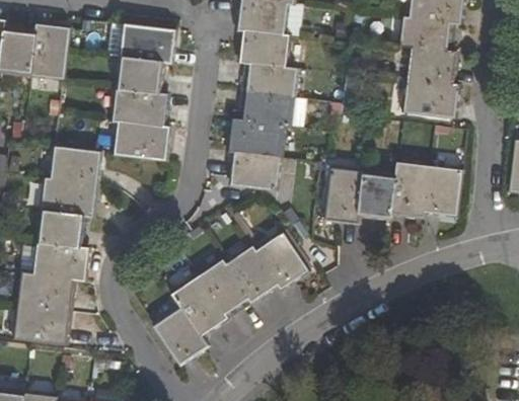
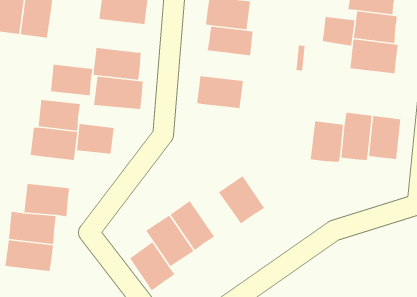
building: none -> [322,16,355,46]
building: [116,56,164,92] -> [50,64,93,96]
building: [237,91,291,126] -> none
building: [230,152,279,188] -> none
building: [323,166,363,222] -> none
building: [38,210,81,245] -> [76,123,115,154]
building: [225,247,277,302] -> none

